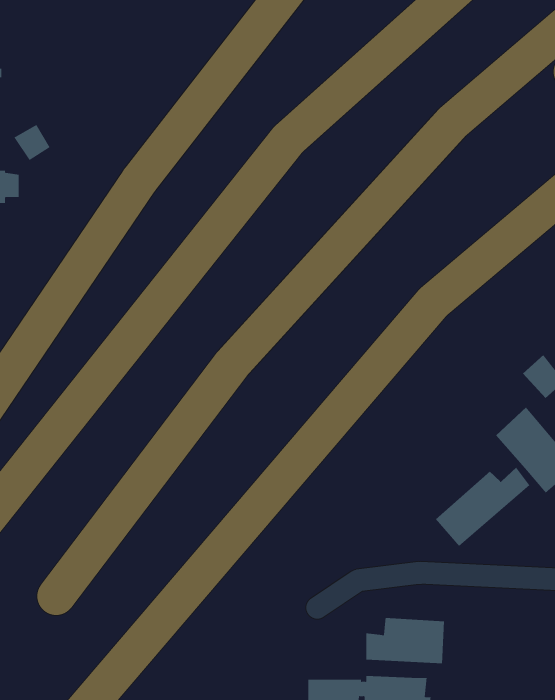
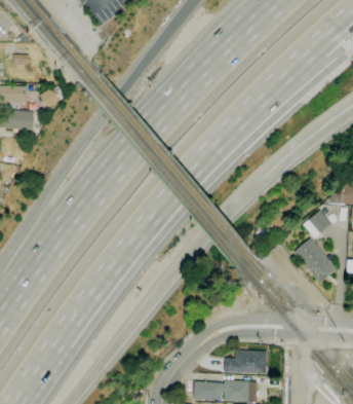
building: [435,467,530,547] -> none

